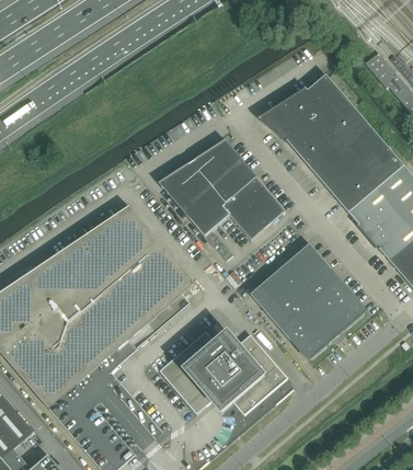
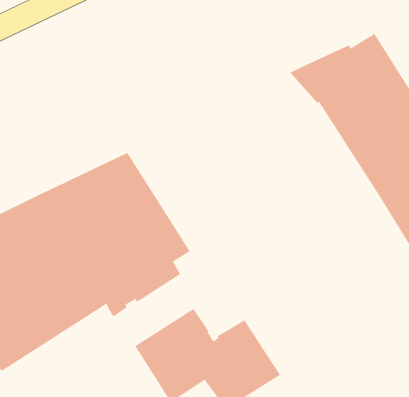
building: [159,140,285,240] -> none
building: [250,243,363,356] -> none

